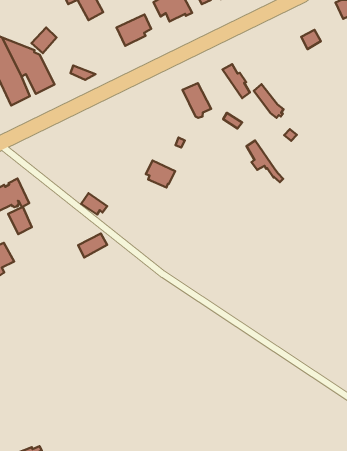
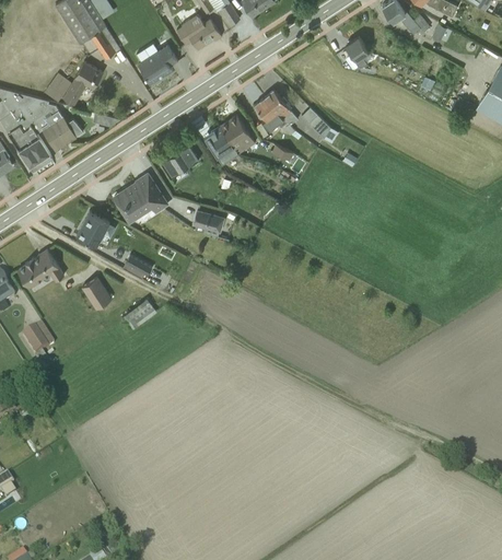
building: none -> [62,61,103,105]
building: none -> [203,125,240,164]
building: none -> [162,145,199,178]
building: none -> [114,173,167,221]
building: [247,141,283,182] -> [255,96,301,140]
building: none -> [77,211,115,245]
building: [8,207,32,234] -> [82,277,110,308]

